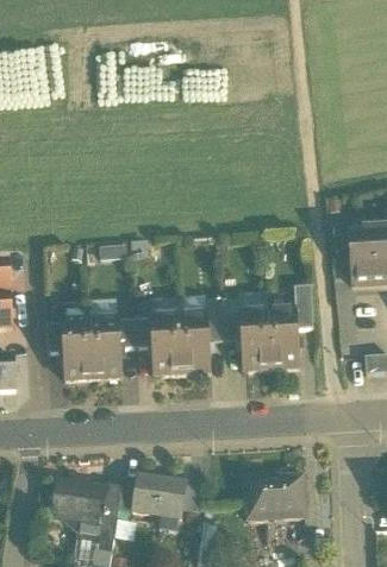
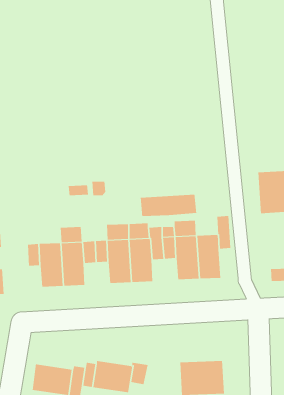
building: none -> [140,194,197,217]

